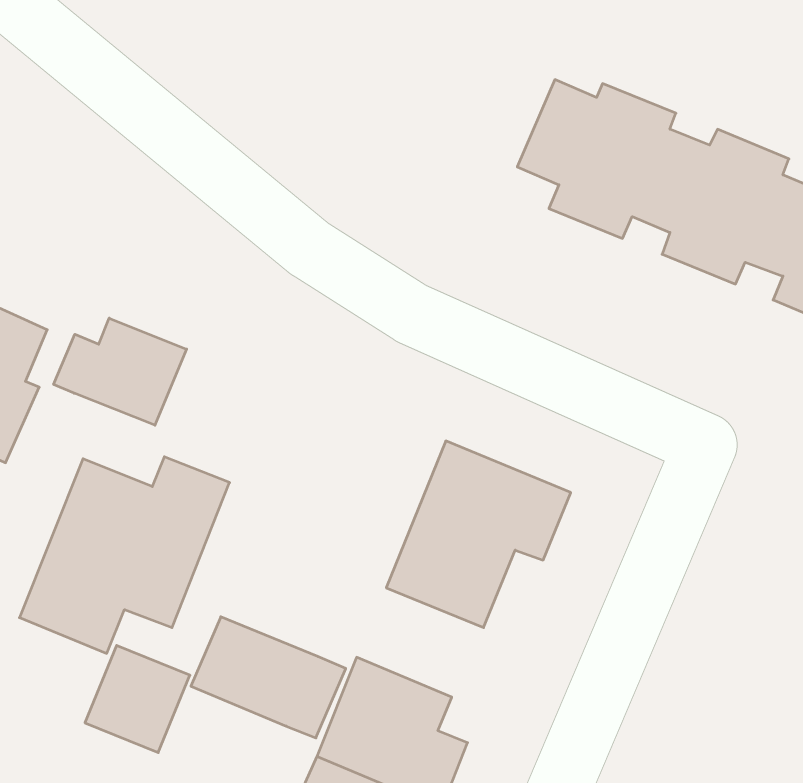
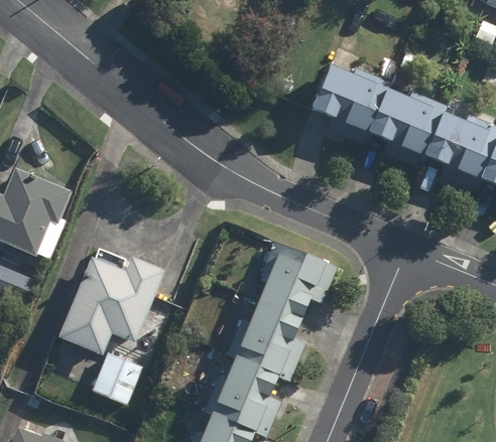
building: [54,318,187,425] -> none
building: [191,617,346,738] -> [229,321,307,383]

